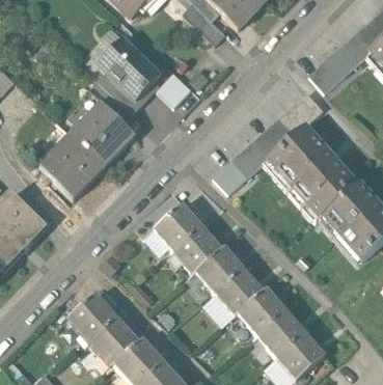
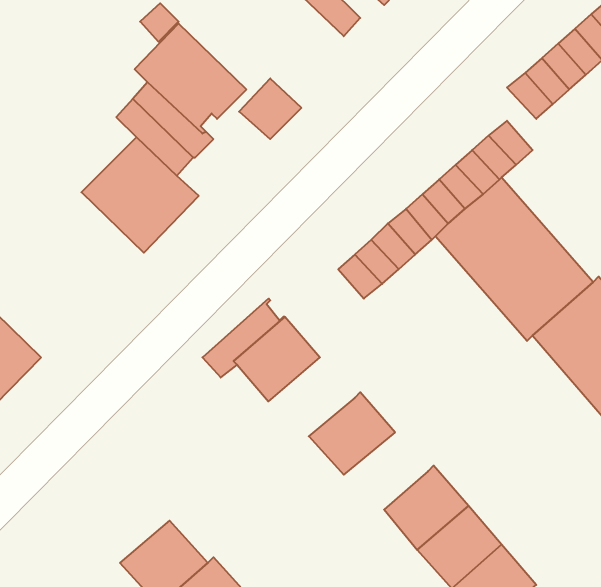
building: [38,133,104,198] -> none
building: [174,226,223,273] -> none
building: [217,269,265,315] -> none
building: [69,295,118,342] -> none

